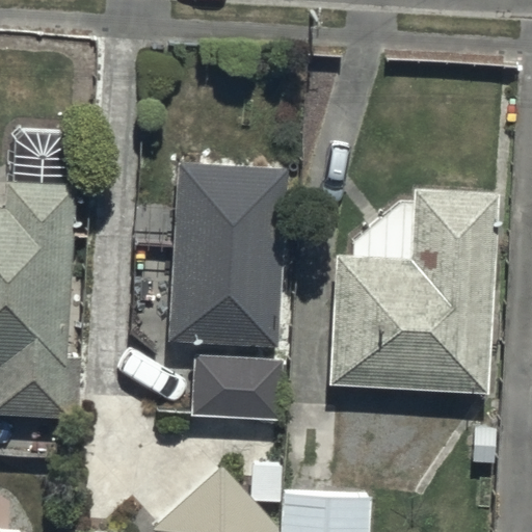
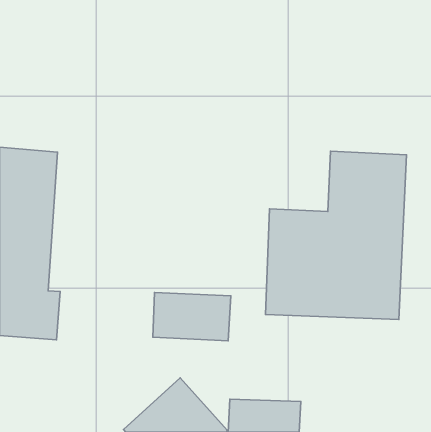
building: [169,168,286,347] -> none

